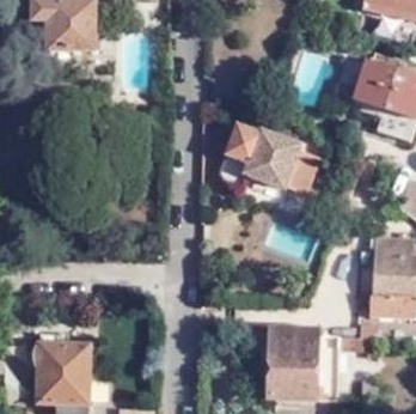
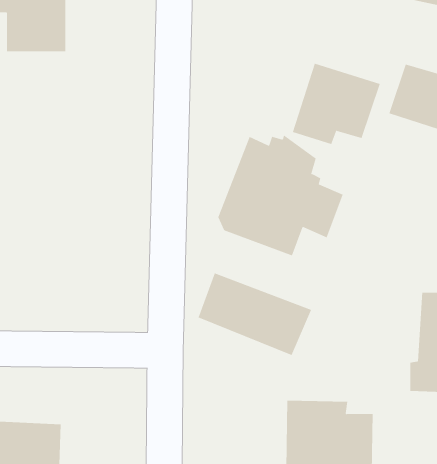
building: none -> [292,63,381,145]
building: none -> [198,273,312,356]

